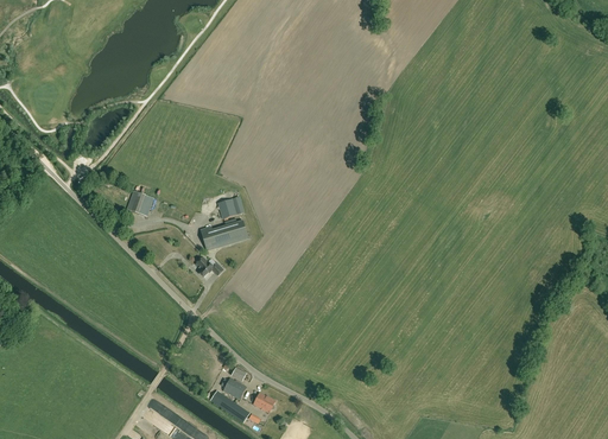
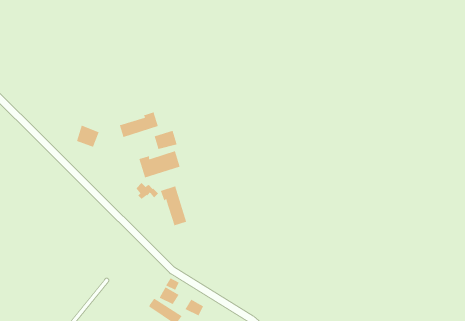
building: none -> [119,111,158,138]
building: none -> [160,186,187,226]

